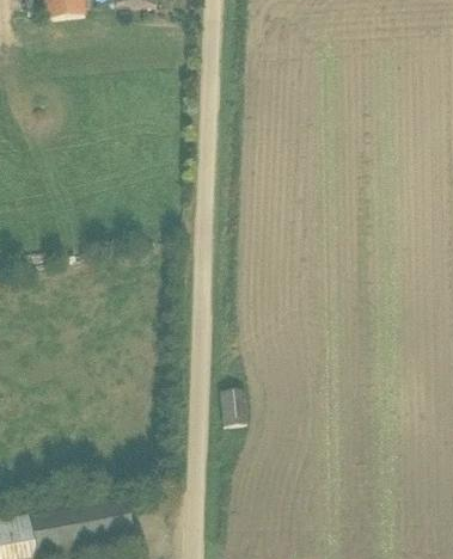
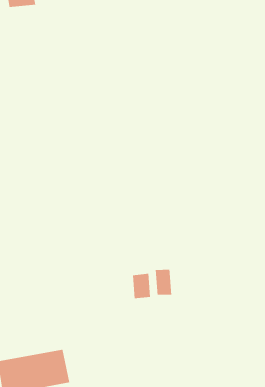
building: none -> [155,269,172,296]

